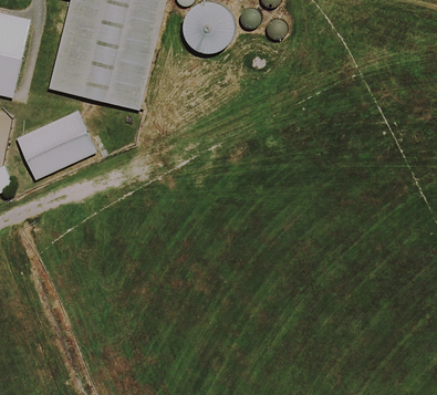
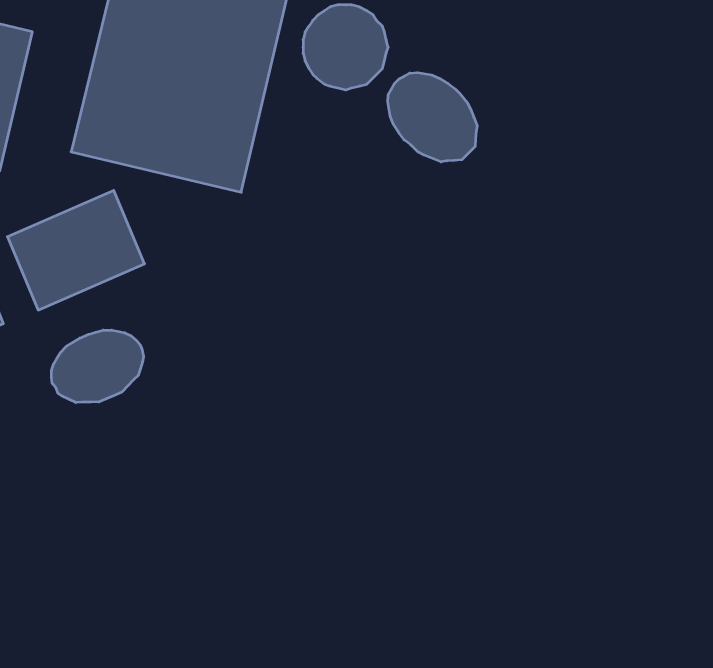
building: none -> [388,73,477,162]
building: none -> [51,330,144,403]

